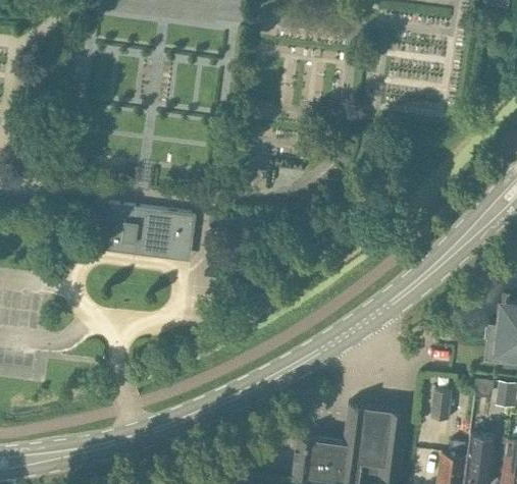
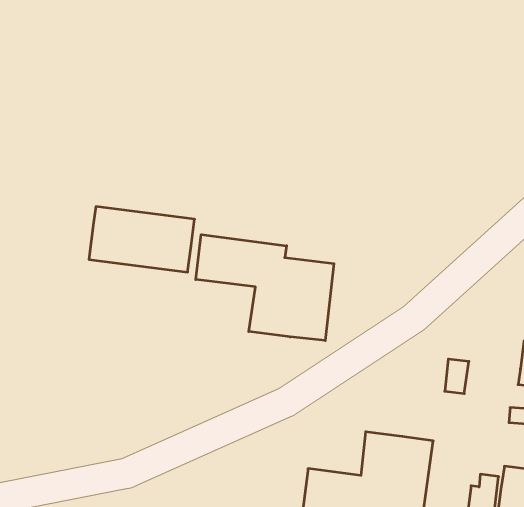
building: none -> [196,235,334,341]
building: [430,390,452,421] -> [445,359,469,394]

